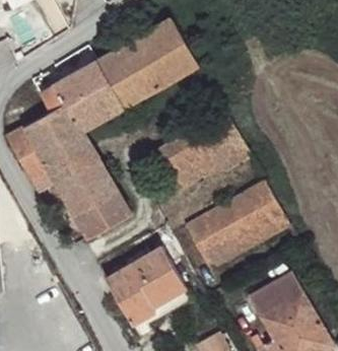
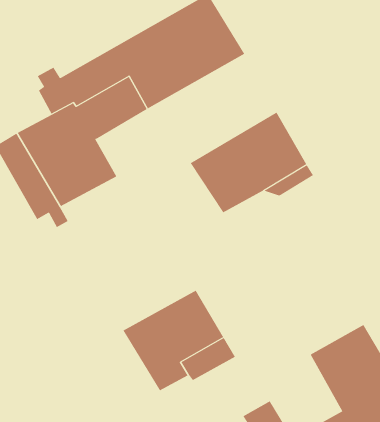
building: [54,159,131,239] -> none
building: [185,181,289,270] -> none

